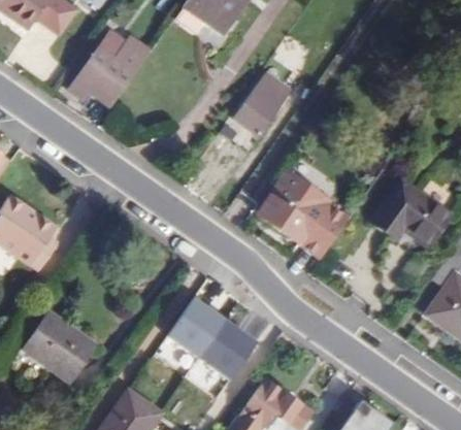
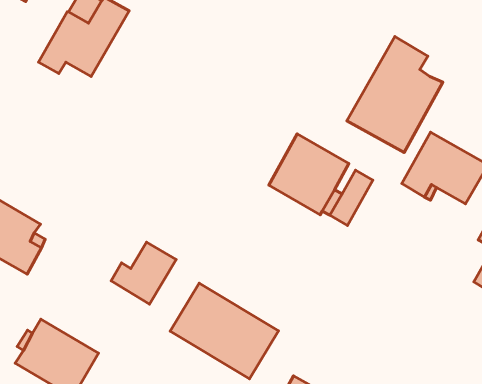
building: [234,73,292,137] -> none
building: none -> [347,37,443,152]
building: none -> [111,242,176,304]

